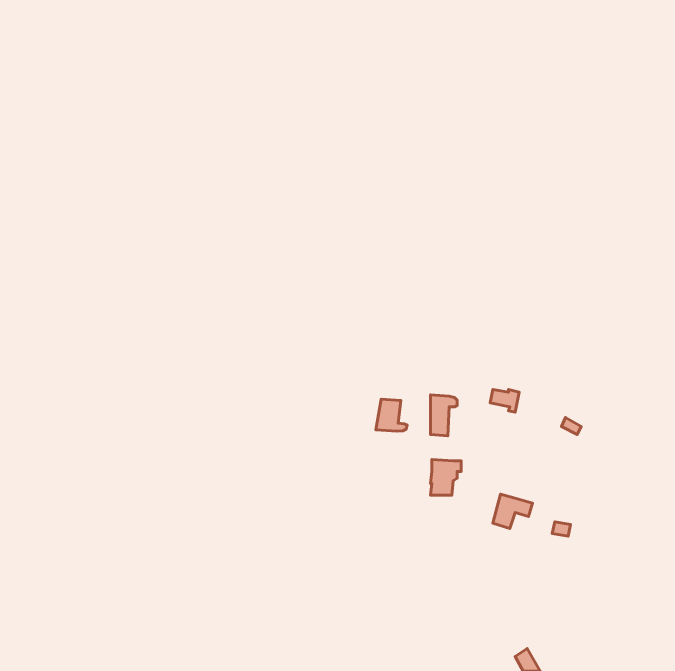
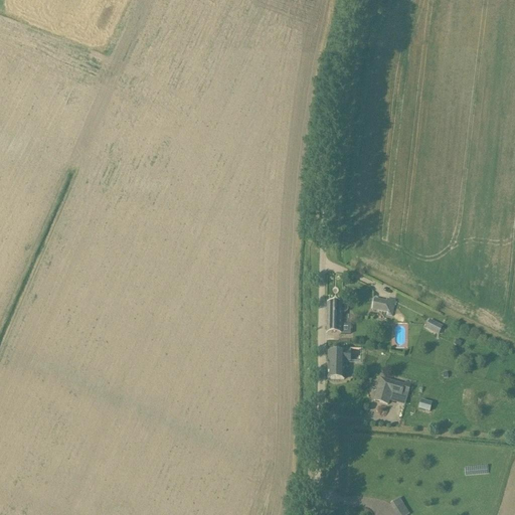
building: [376,399,407,431] -> none

